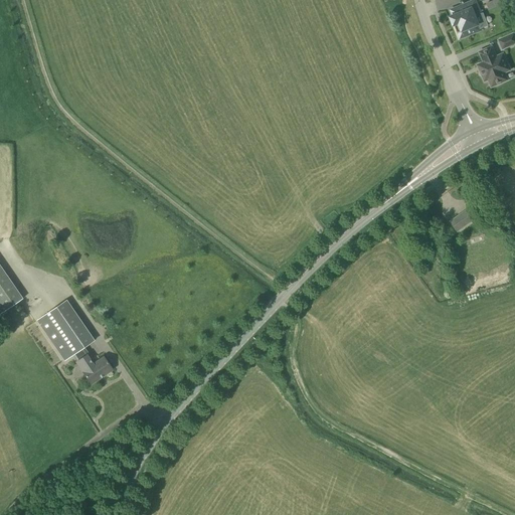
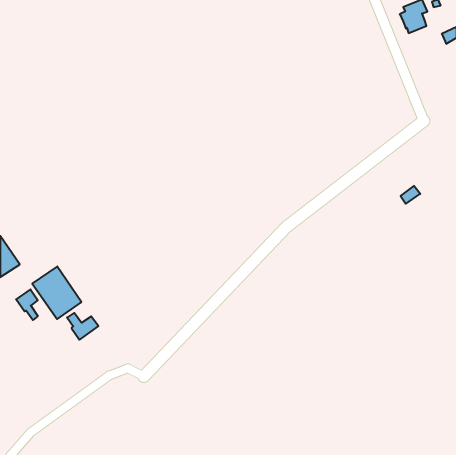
building: [479,46,510,84] -> none
building: none -> [16,289,38,320]

